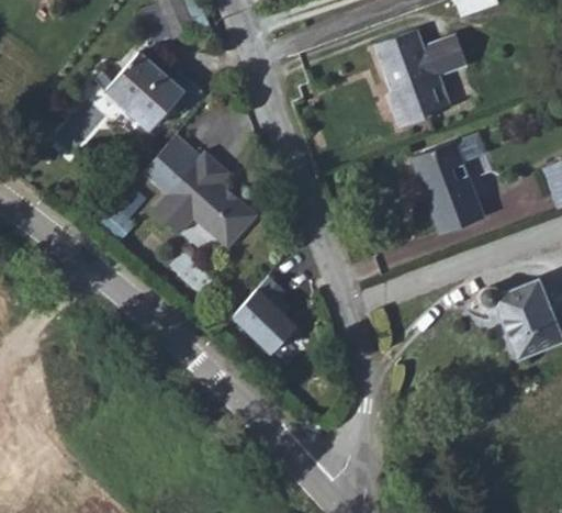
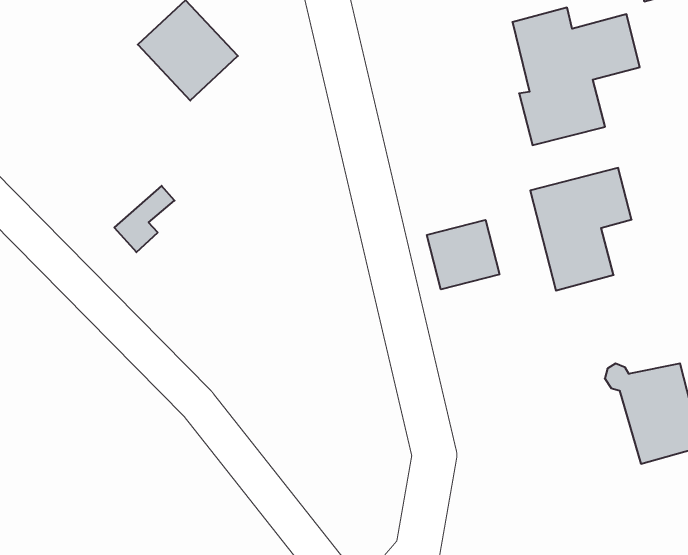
building: [134,141,241,254] -> none
building: none -> [427,220,499,289]
building: [228,278,302,364] -> none

